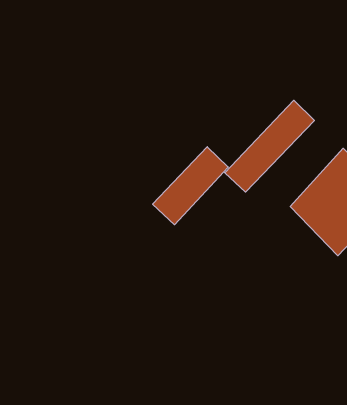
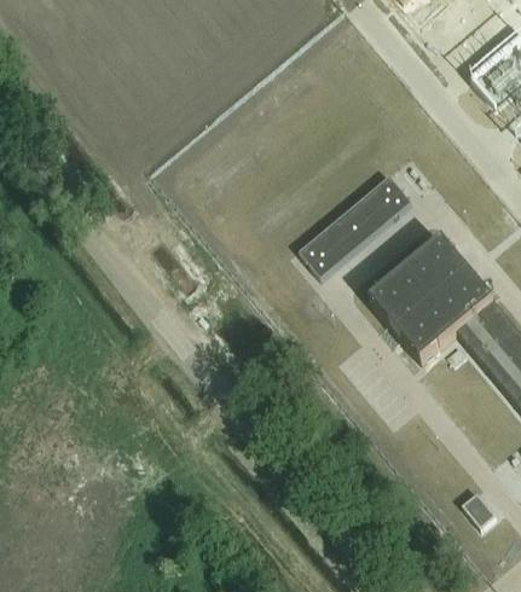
building: [153,147,228,225] -> none

